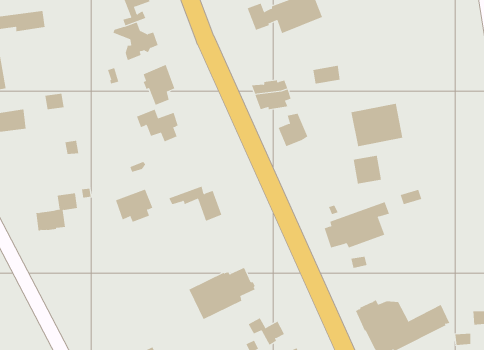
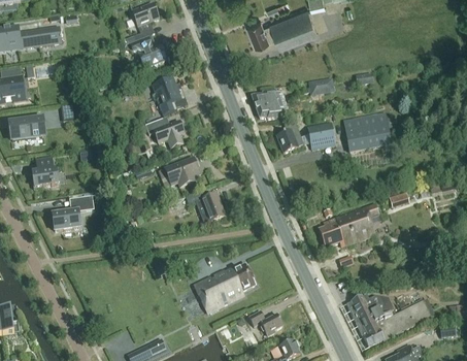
building: none -> [32,157,59,188]
building: [353,155,382,184] -> [308,122,335,149]
building: [115,189,153,222] -> [165,156,200,187]

